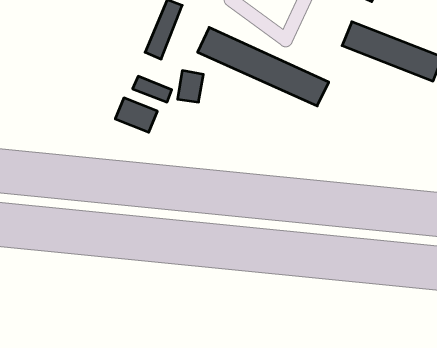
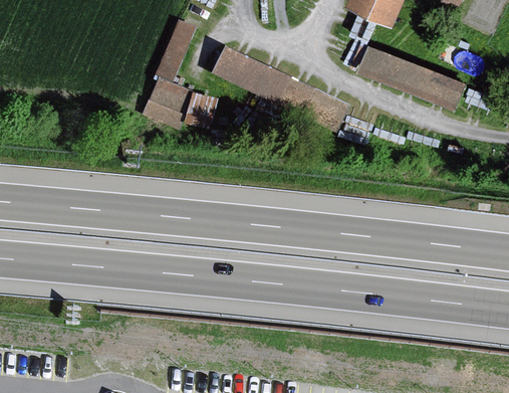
building: [115,98,157,132] -> [148,79,192,116]

